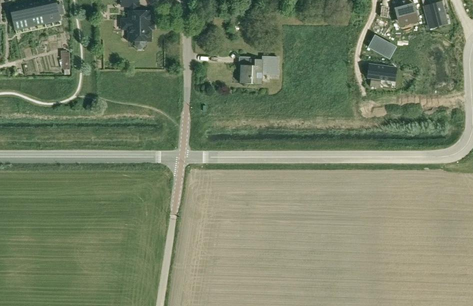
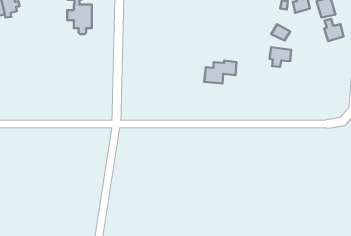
building: none -> [324,19,343,41]
building: [239,56,278,84] -> [204,61,236,84]

